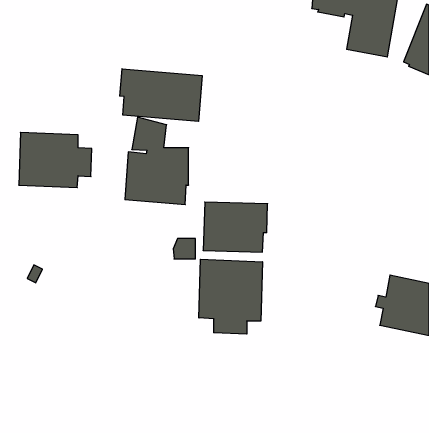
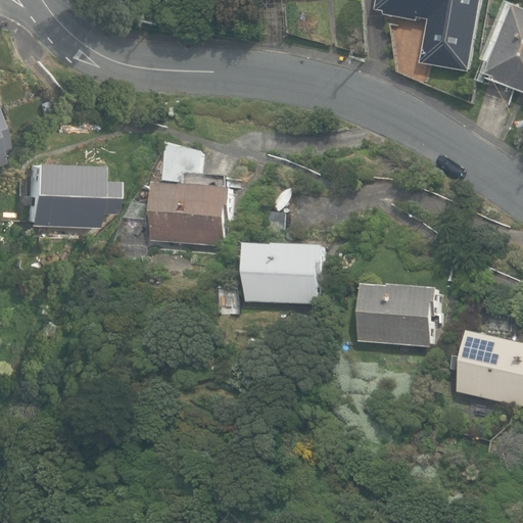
building: [120,69,202,121] -> none
building: none -> [358,284,437,345]
building: [199,259,262,334] -> none

